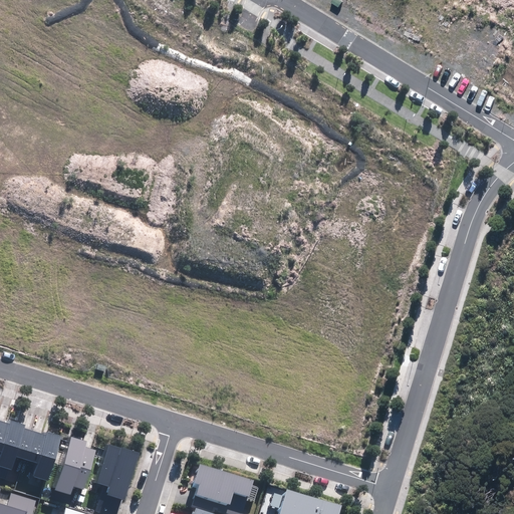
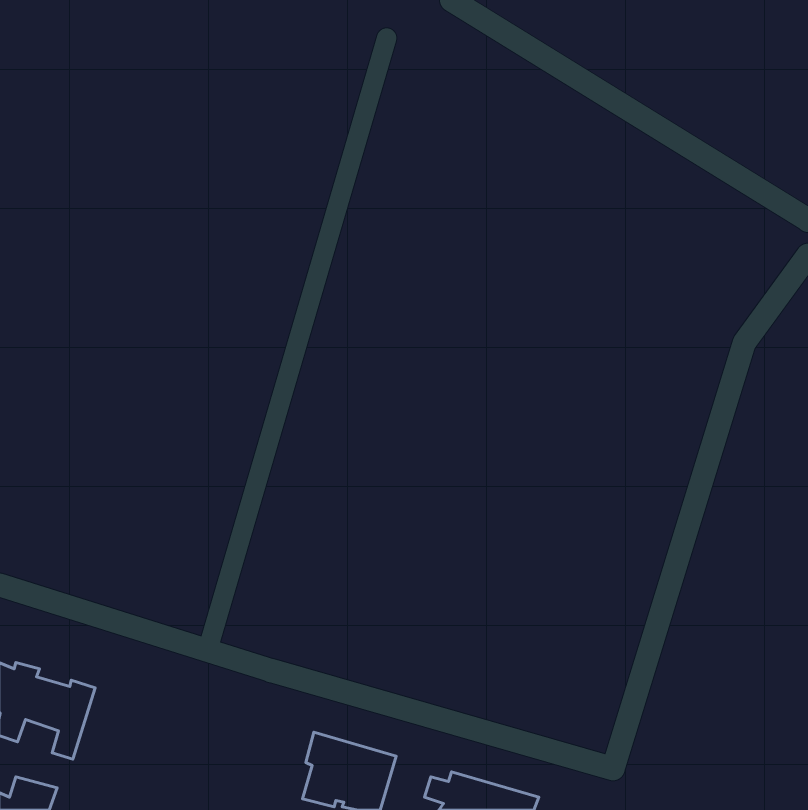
building: [54,437,95,495] -> none
building: [96,445,139,500] -> none

